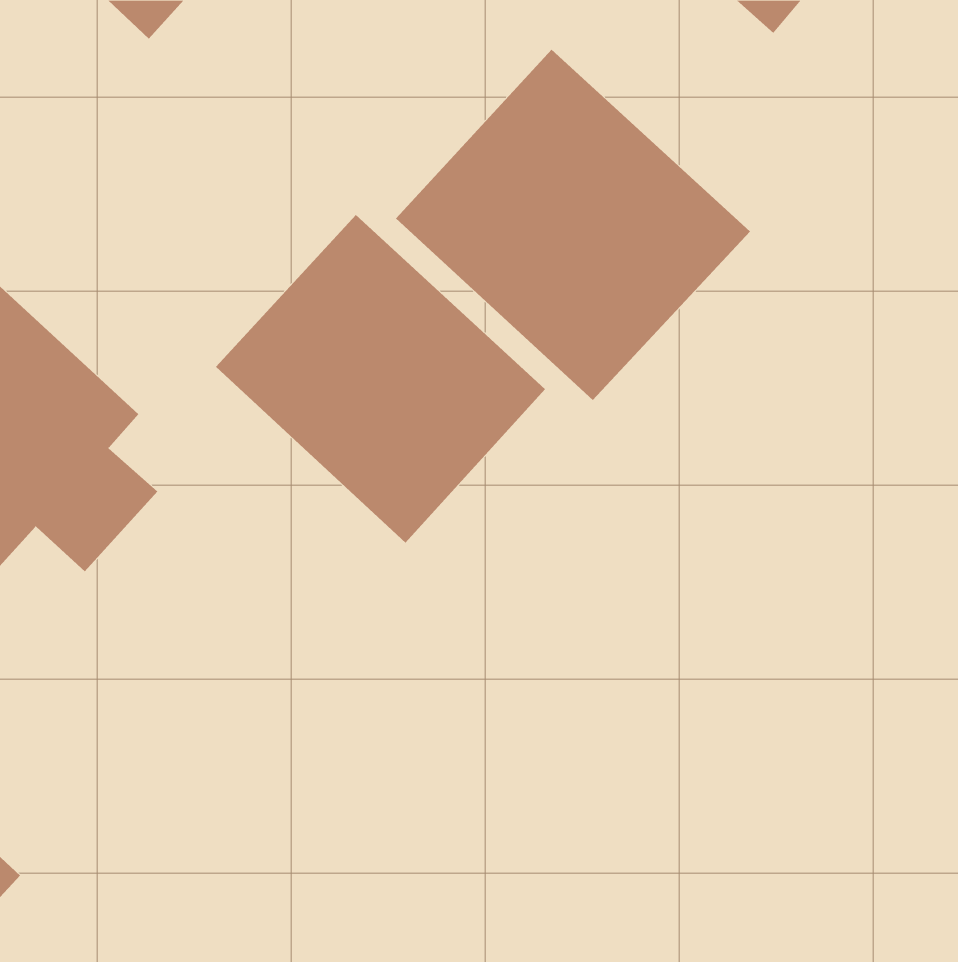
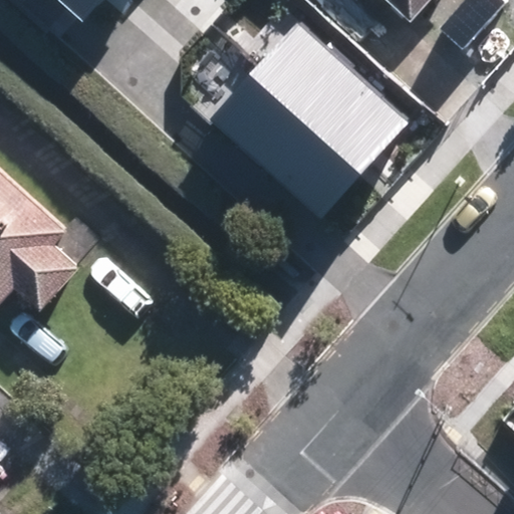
building: [215,214,546,544] -> none

